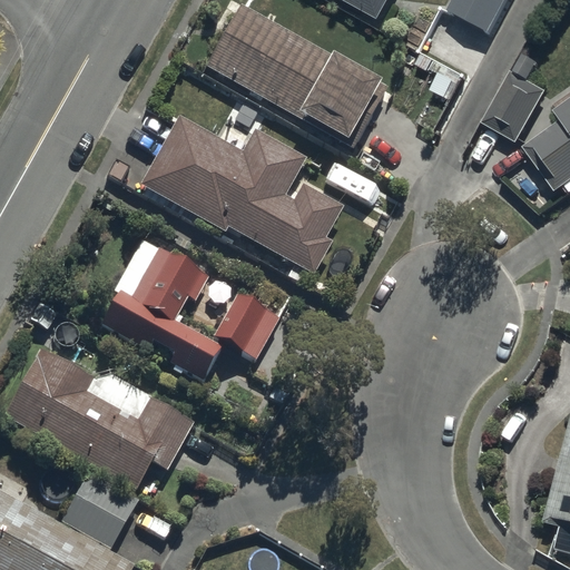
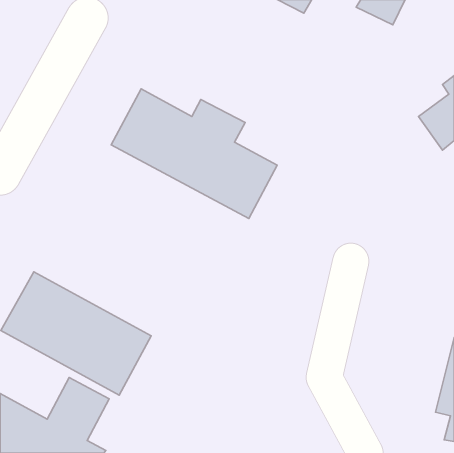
building: [206,4,387,148] -> none
building: [484,69,548,140] -> none
building: [99,244,279,383] -> none

